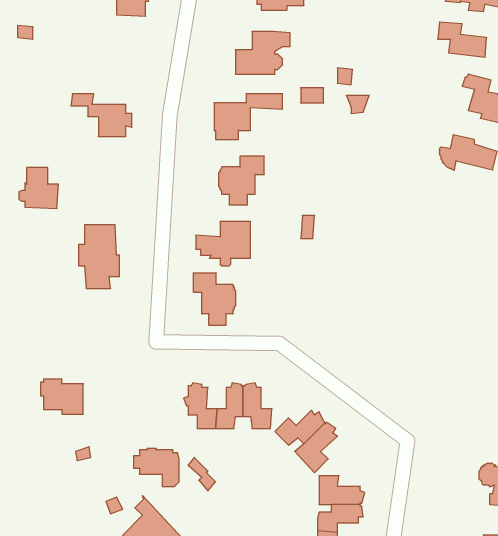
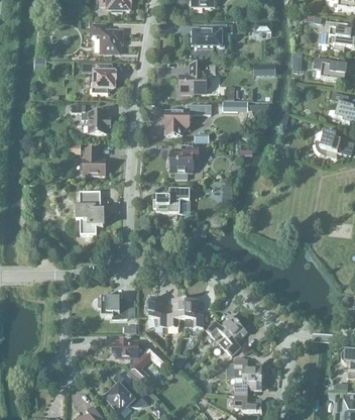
building: none -> [92,64,116,93]
building: [19,168,58,209] -> [80,147,106,175]
building: [194,273,236,325] -> none
building: [41,379,83,414] -> [99,295,127,318]

